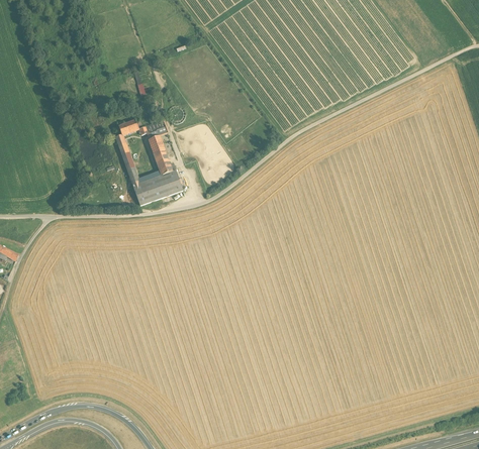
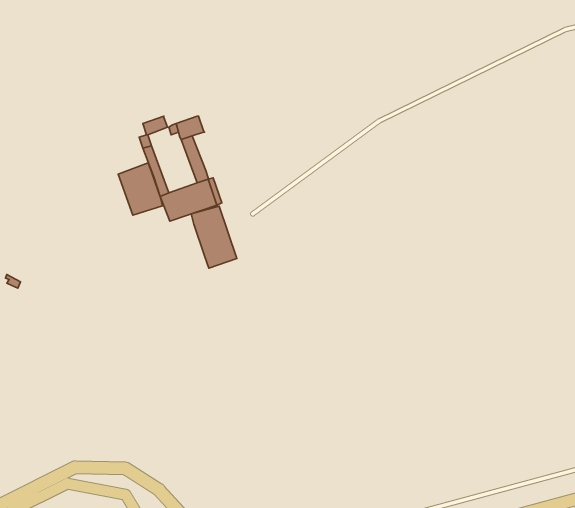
building: none -> [118,163,163,215]
building: none -> [191,206,237,268]

